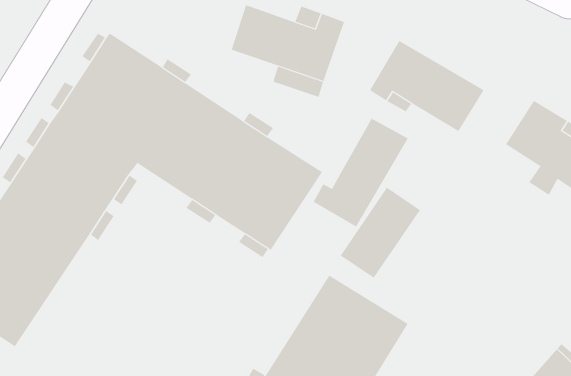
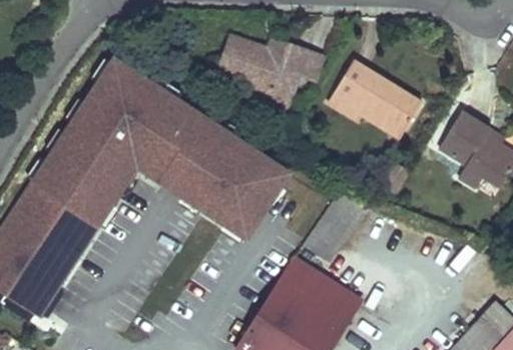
building: [313,118,409,227] -> none

